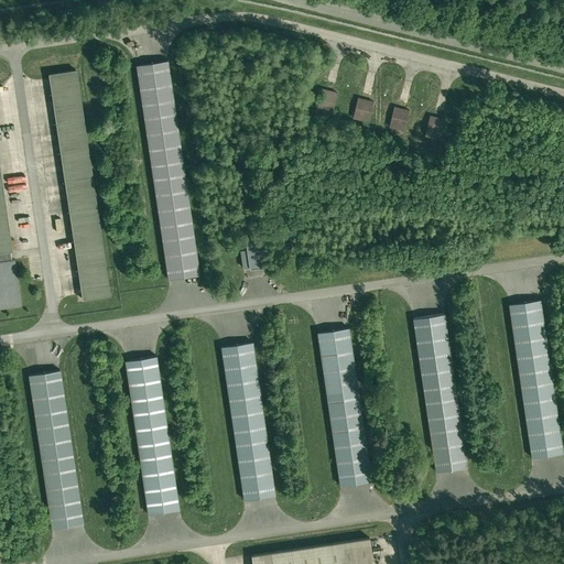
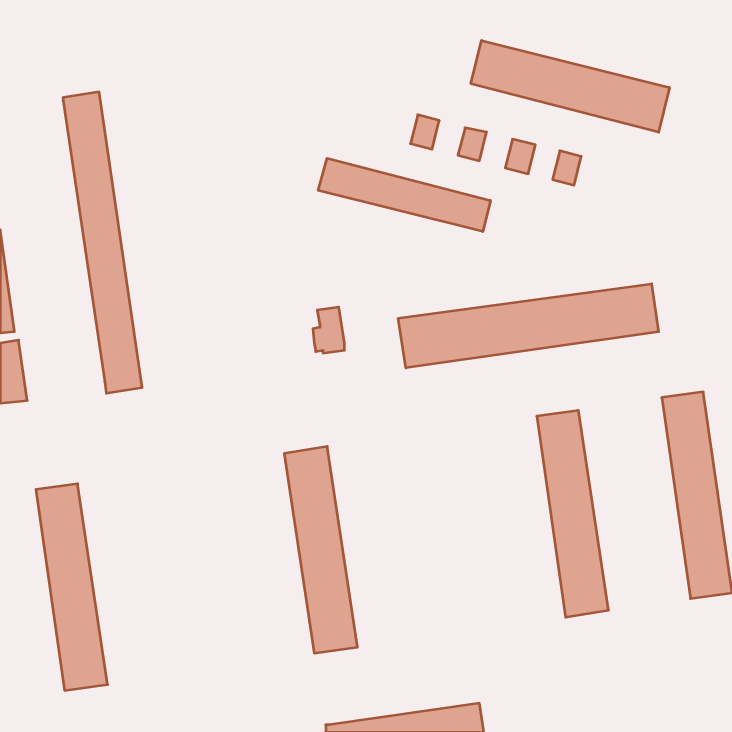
building: none -> [471,40,669,132]
building: [135,62,200,282] -> none
building: none -> [318,158,490,232]
building: none -> [398,284,659,368]
building: [316,328,372,487] -> none
building: [124,357,178,516] -> none

